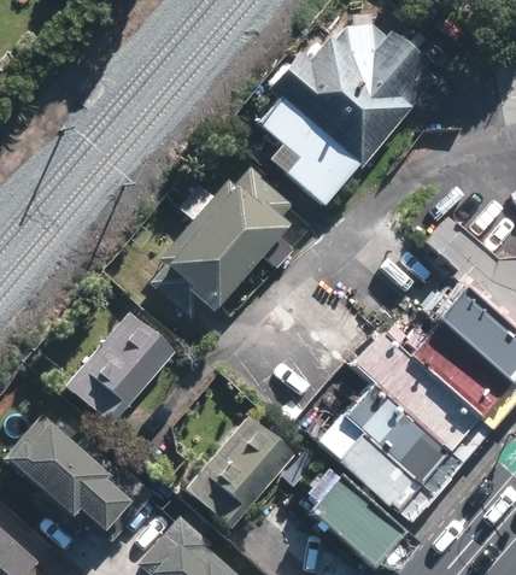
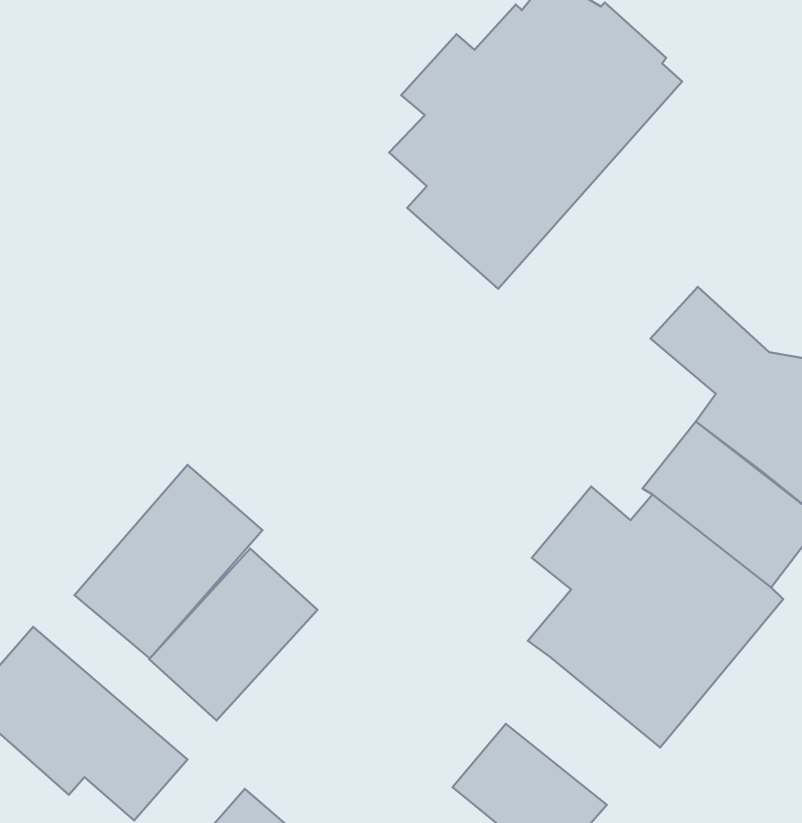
building: [163,189,288,321] -> none
building: [190,413,293,518] -> [149,549,317,720]
building: [327,432,426,522] -> none

